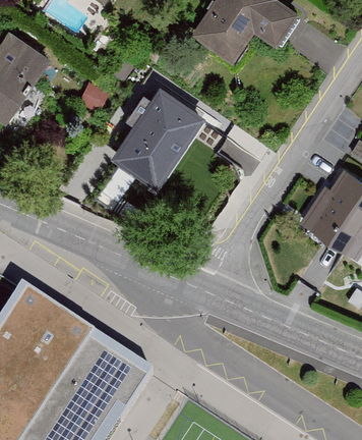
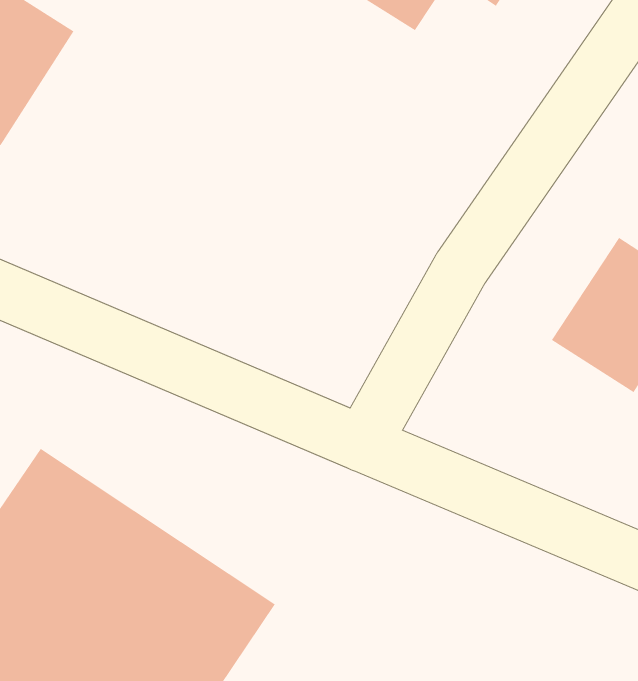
building: [113,76,199,181] -> none

